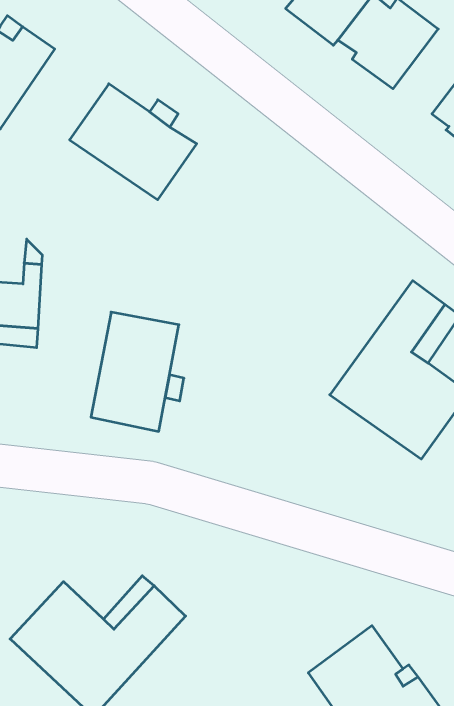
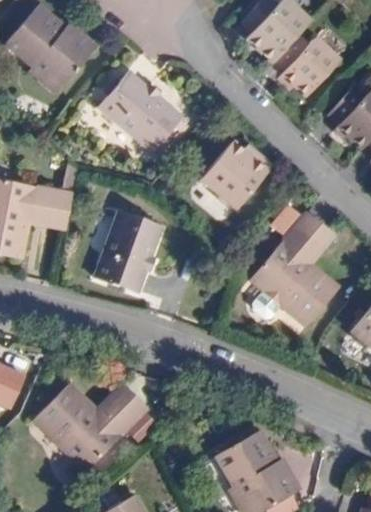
building: none -> [200,136,280,213]

